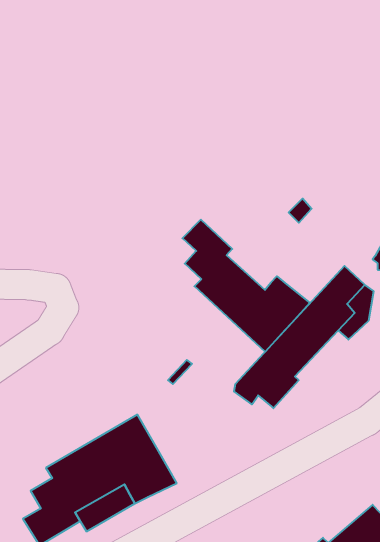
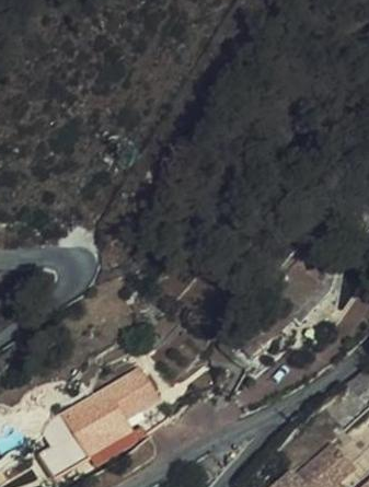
building: [182,220,310,352] -> none

